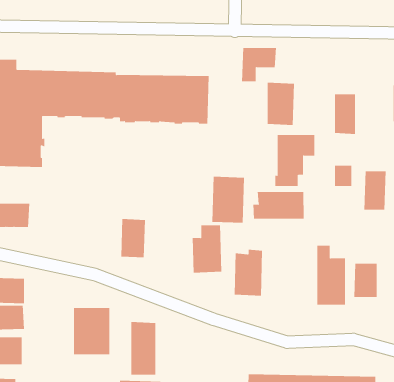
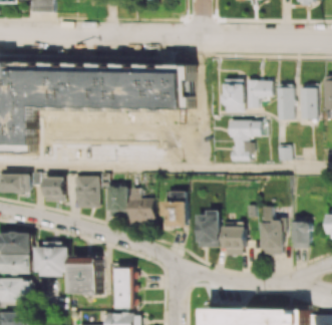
building: [241,47,277,82] -> [244,80,272,107]
building: [364,171,387,210] -> [298,87,316,118]
building: [212,176,245,223] -> [127,188,153,225]
building: [253,191,304,219] -> none
building: none -> [75,176,100,208]
building: none -> [46,178,68,201]
building: none -> [222,226,244,255]
building: none -> [33,241,67,275]

